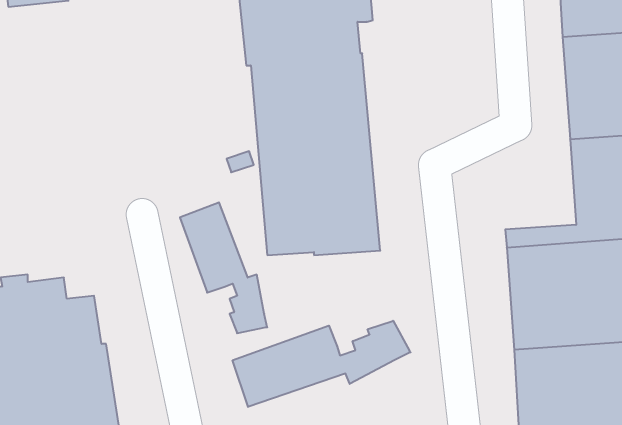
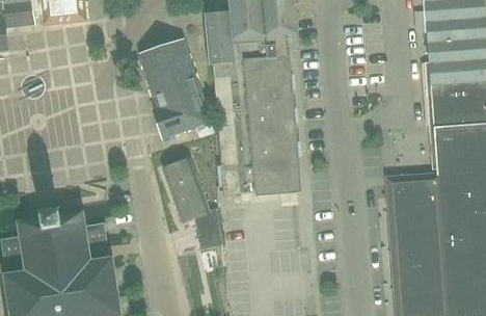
building: none -> [140,40,210,136]
building: [233,321,411,407] -> none

